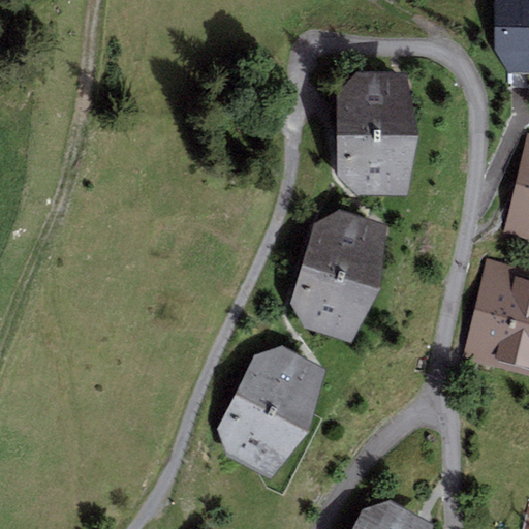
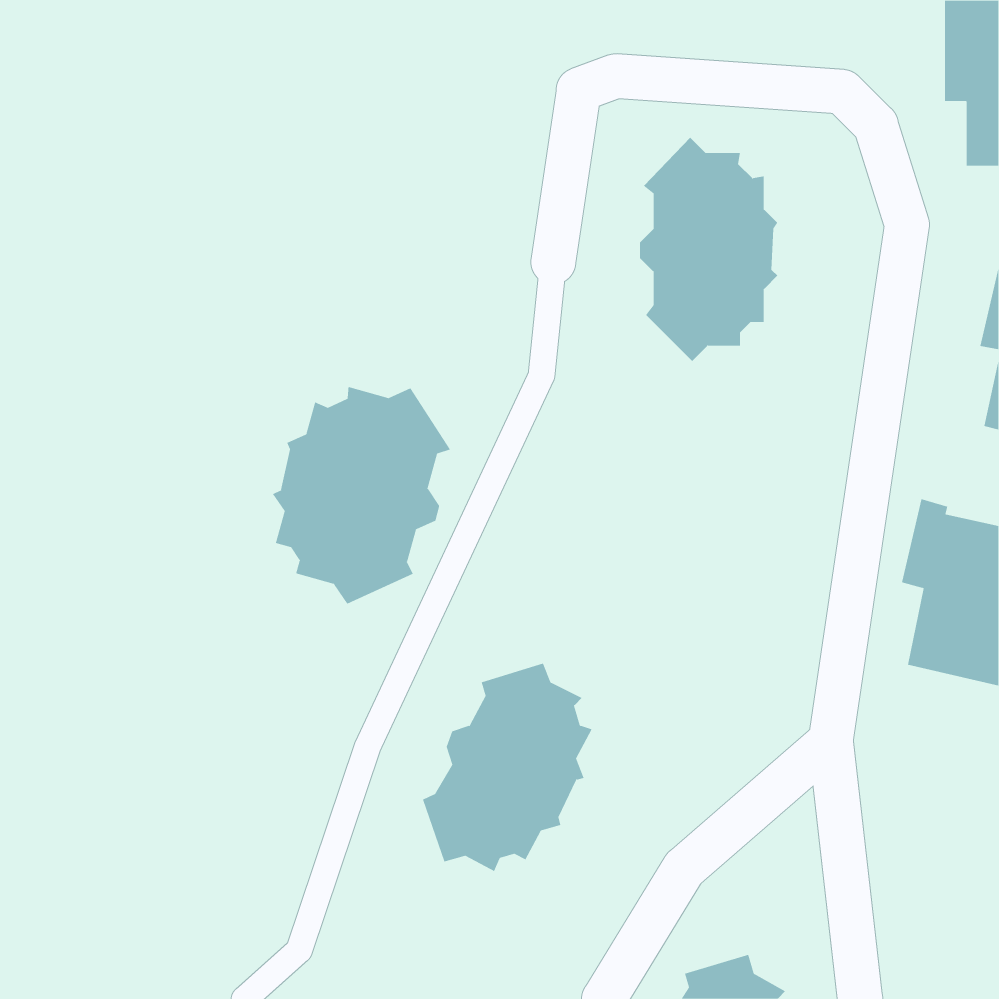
building: none -> [272,386,451,605]
building: [295,212,377,326] -> none

